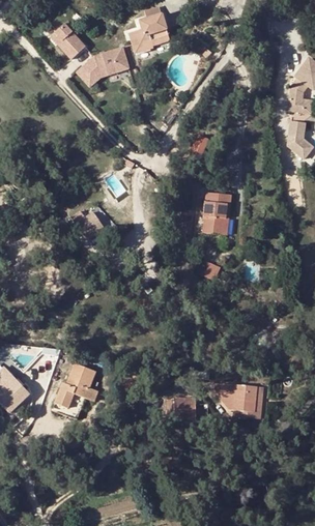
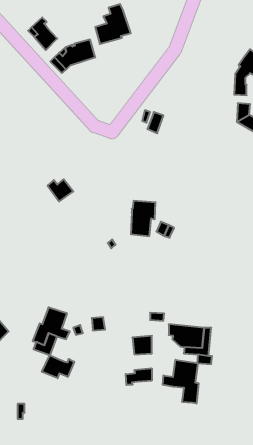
building: [202,192,231,233] -> [131,201,156,236]
building: none -> [42,355,74,378]
building: none -> [163,360,198,404]
building: none -> [126,368,152,385]

